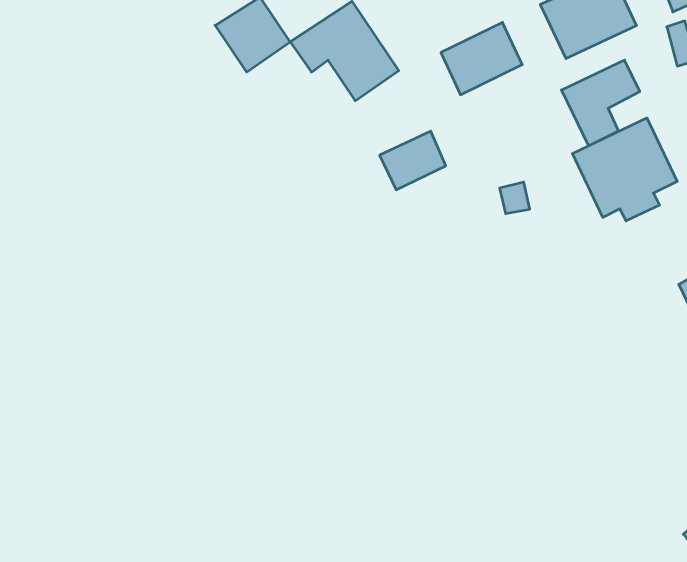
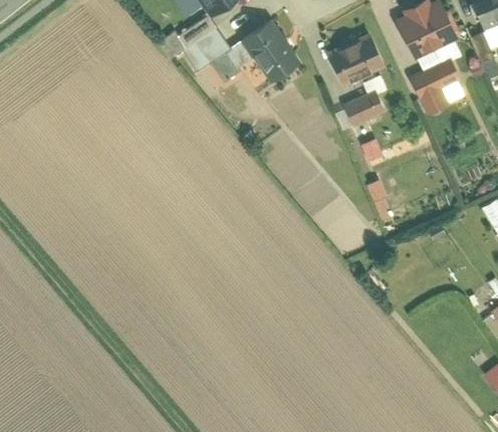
building: [572,118,677,221] -> none
building: [380,131,446,190] -> [342,88,387,128]

